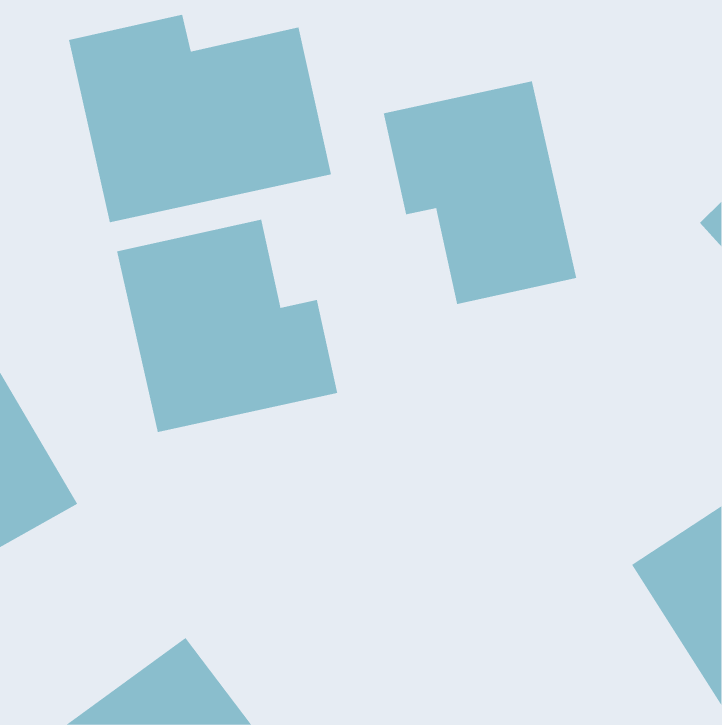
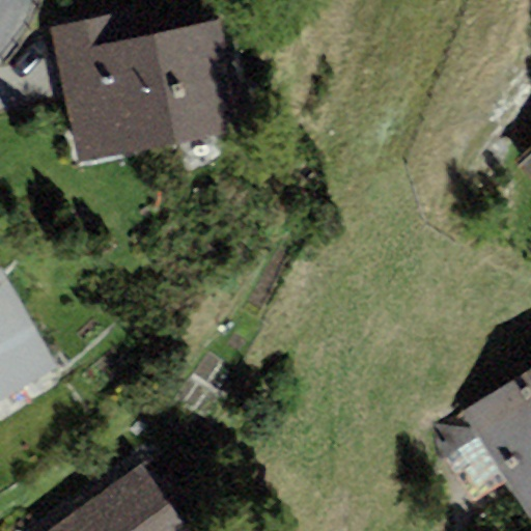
building: [383,81,577,305] -> none
building: [116,219,338,433] -> none

